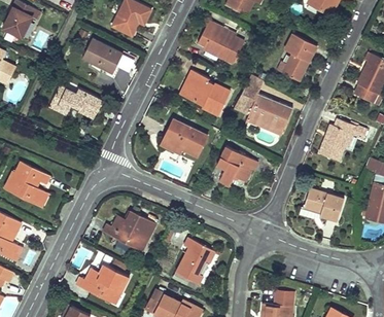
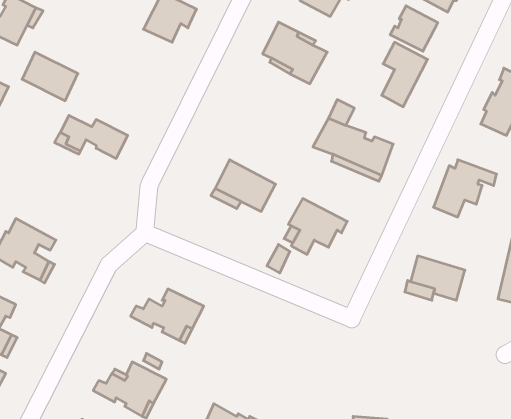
building: none -> [390,6,438,51]
building: [82,38,123,73] -> [22,52,78,101]
building: [180,70,230,115] -> none
building: [176,237,215,283] -> none

